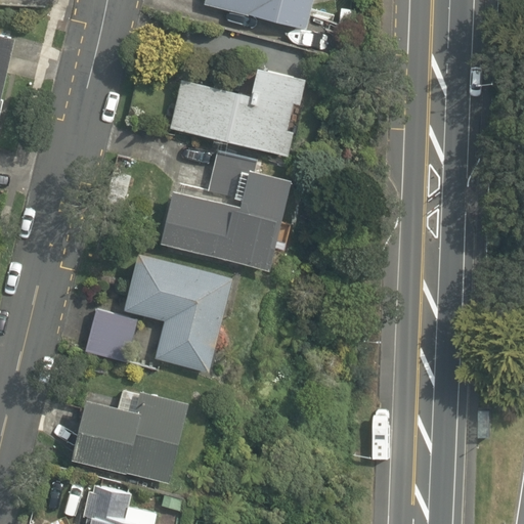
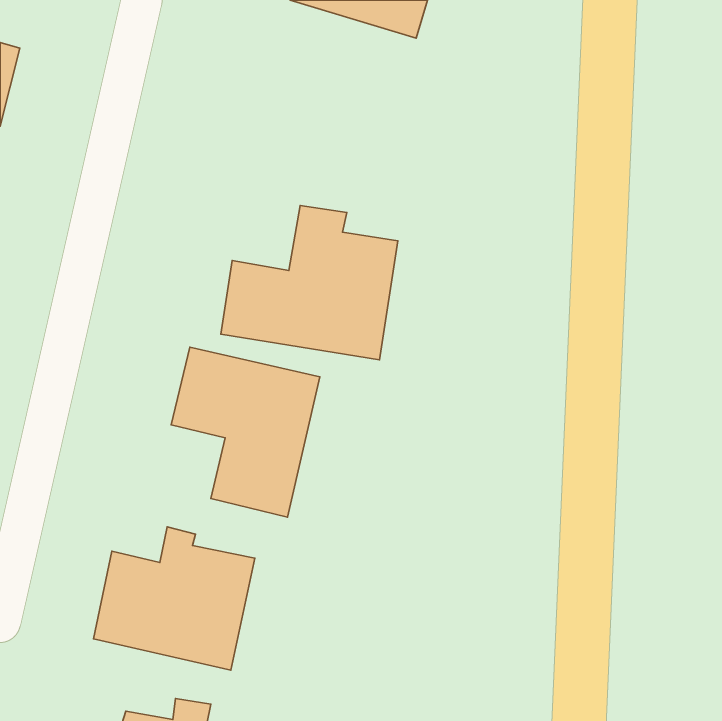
building: [168,67,305,156] -> none
building: [87,310,137,360] -> none

